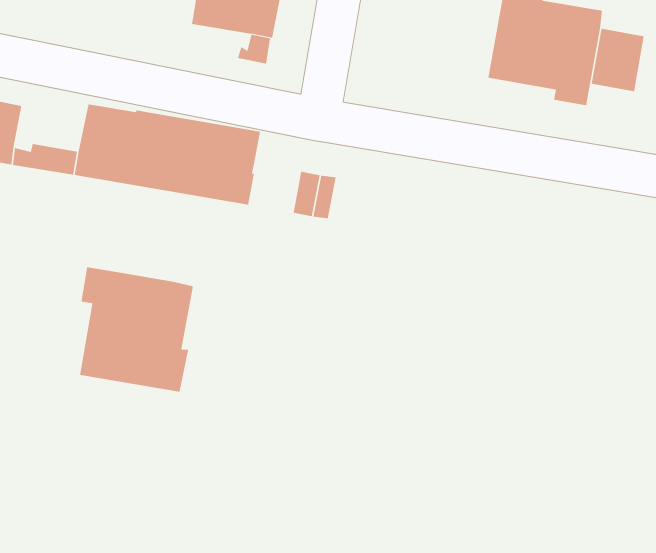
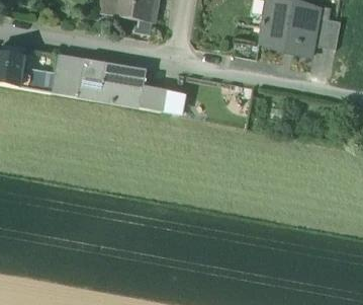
building: none -> [140,85,166,110]
building: [80,267,193,393] -> none

